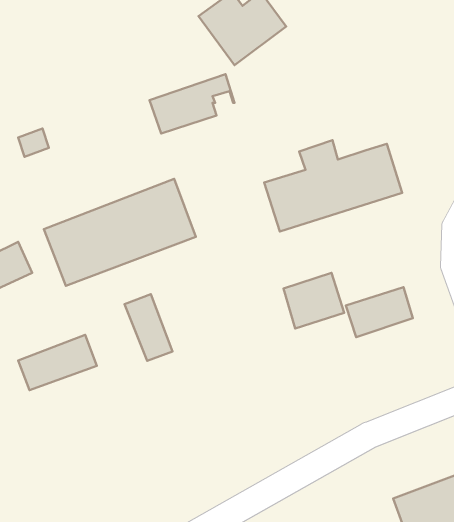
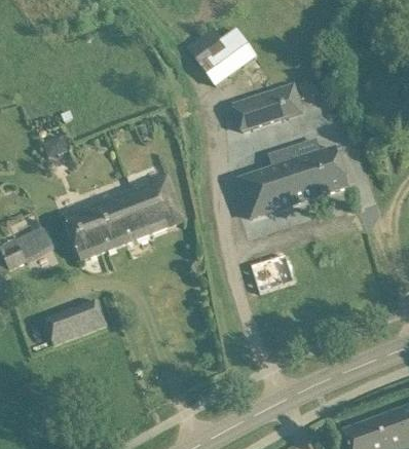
building: [149,74,235,134] -> [233,83,301,130]
building: [346,287,413,337] -> none
building: [125,294,172,361] -> none

